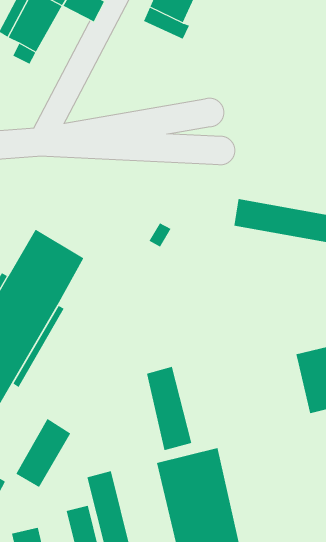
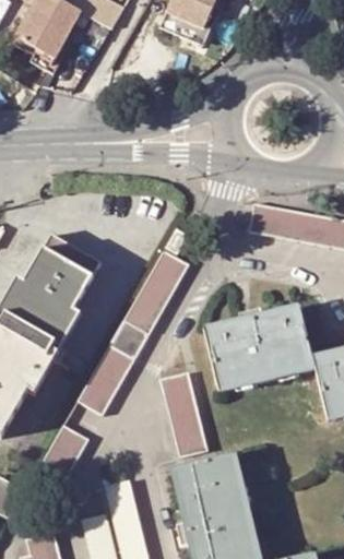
building: none -> [122,251,188,335]
building: none -> [205,309,315,392]
building: none -> [78,345,133,414]

